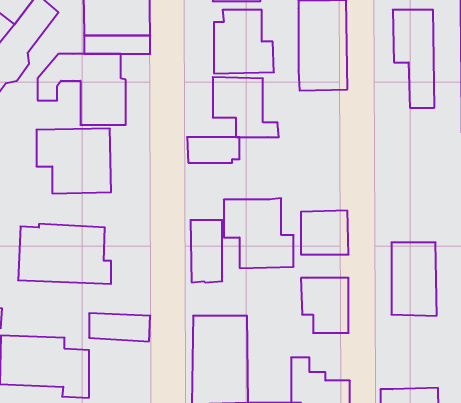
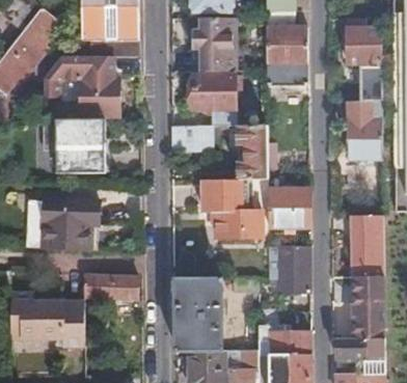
building: none -> [348,101,381,158]
building: [190,220,222,282] -> [239,127,266,180]
building: none -> [344,277,383,340]

